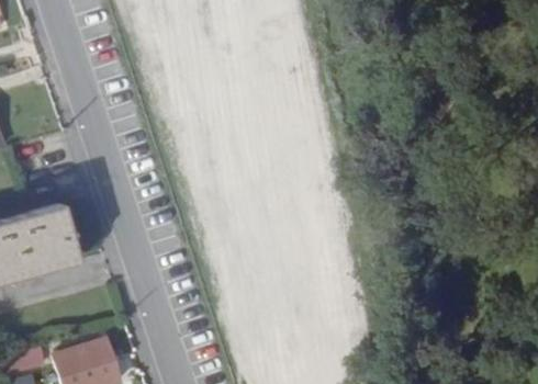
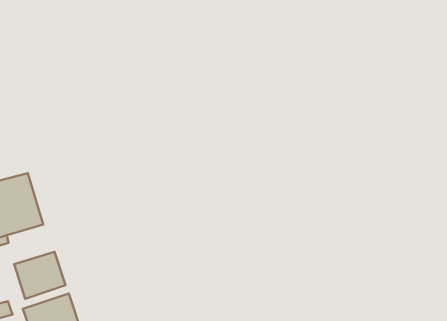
building: none -> [14,252,66,299]

